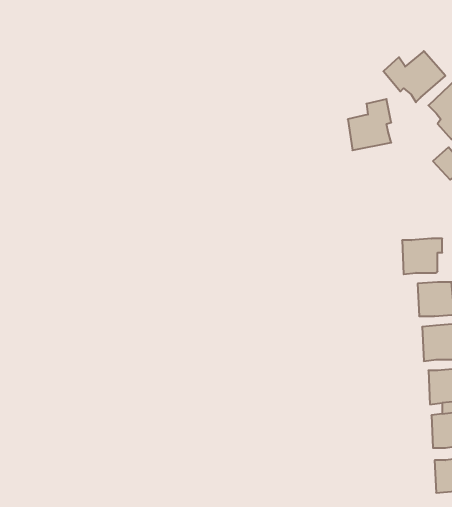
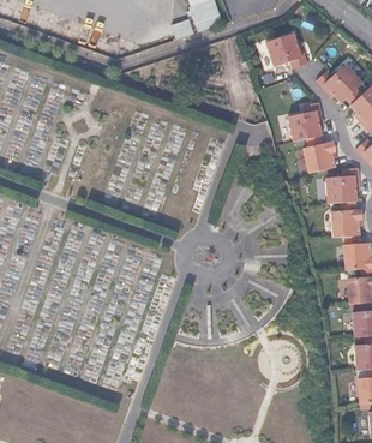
building: none -> [268,34,310,70]
building: none -> [305,140,336,173]
building: none -> [324,168,358,204]

